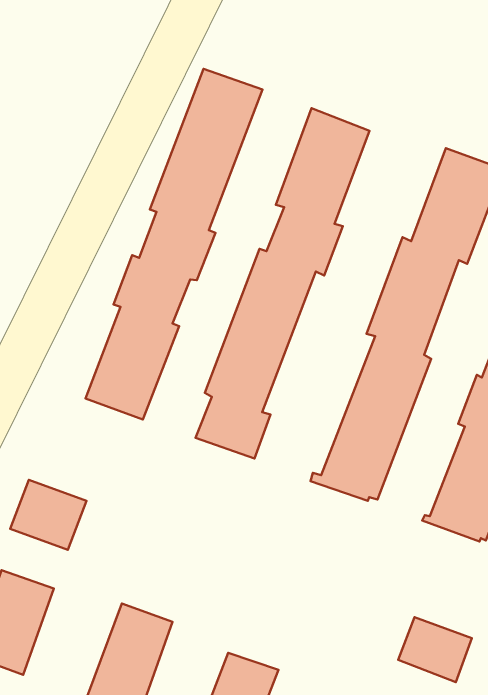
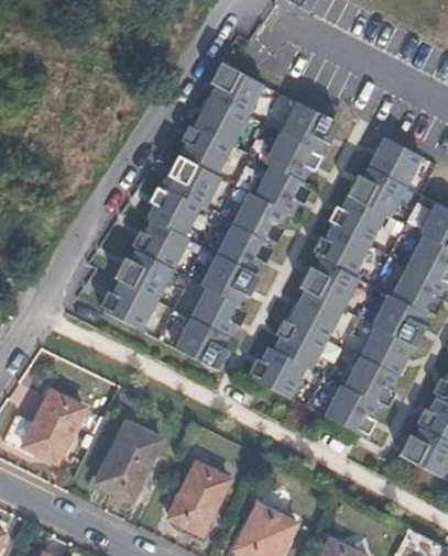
building: none -> [174,314,229,367]
building: [10,480,87,550] -> [102,279,156,330]
building: none -> [251,353,303,398]
building: [398,617,472,682] -> [324,388,375,435]

